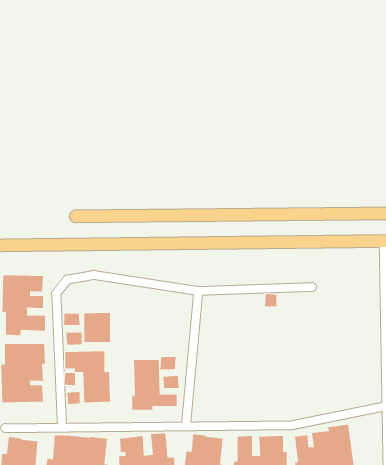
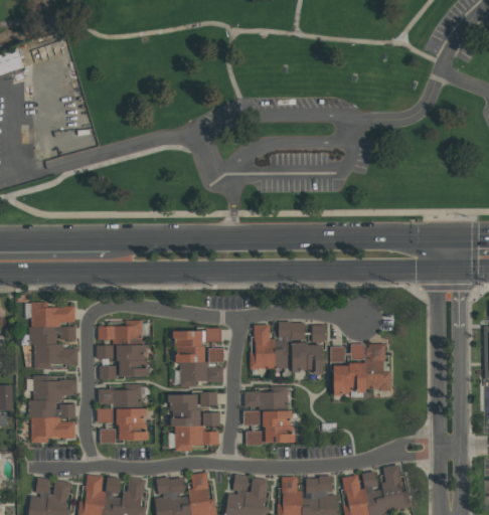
building: none -> [98,321,142,339]
building: none -> [250,323,323,371]
building: none -> [173,330,223,386]
building: none -> [331,344,390,393]
building: none -> [243,388,291,445]

